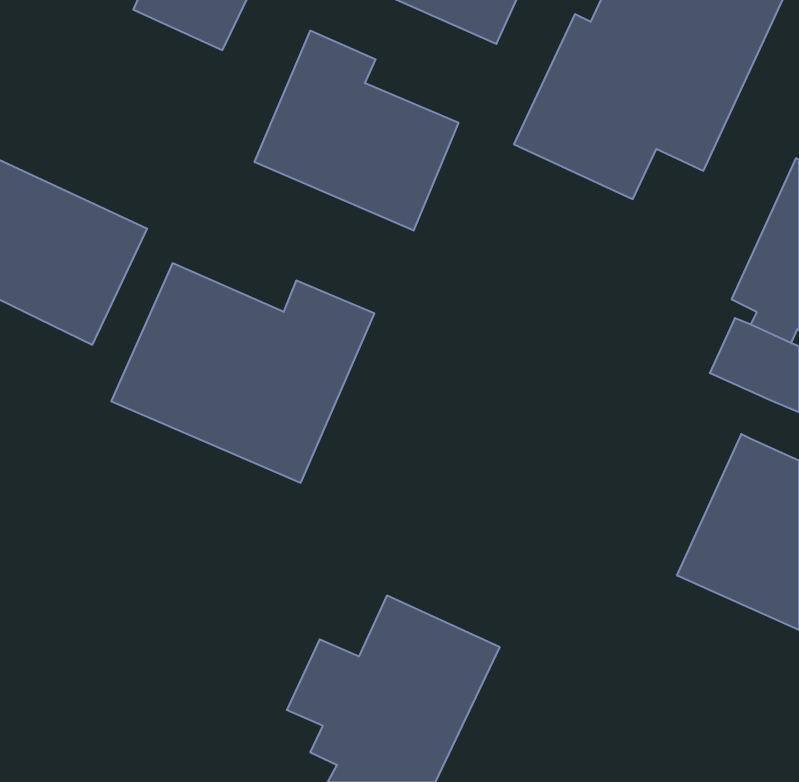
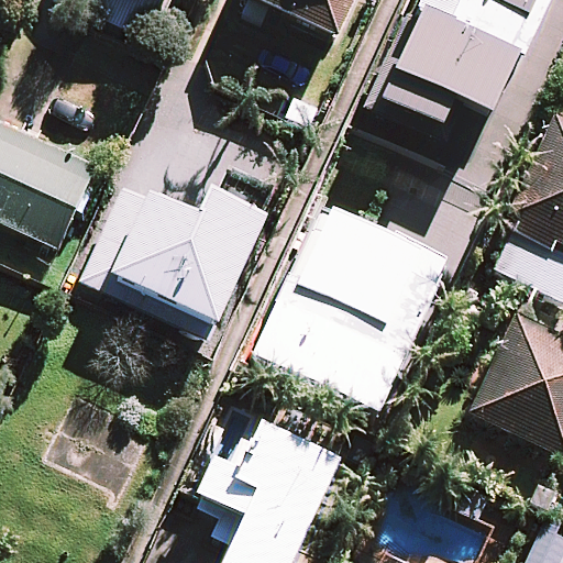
building: [255,31,458,231] -> none
building: none -> [253,207,443,410]

